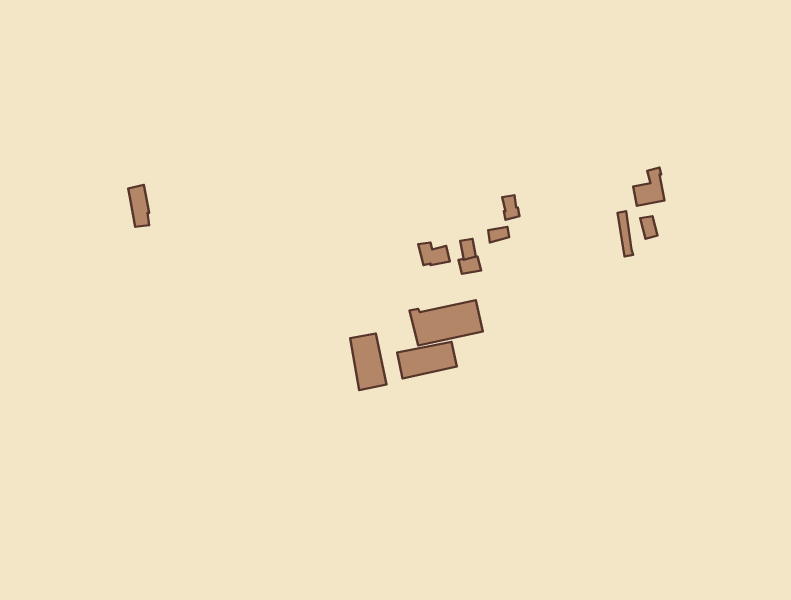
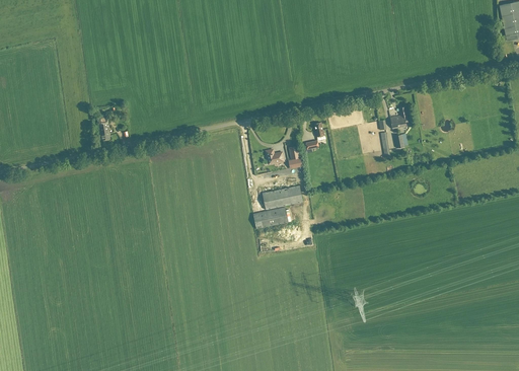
building: [350,333,386,390] -> none

